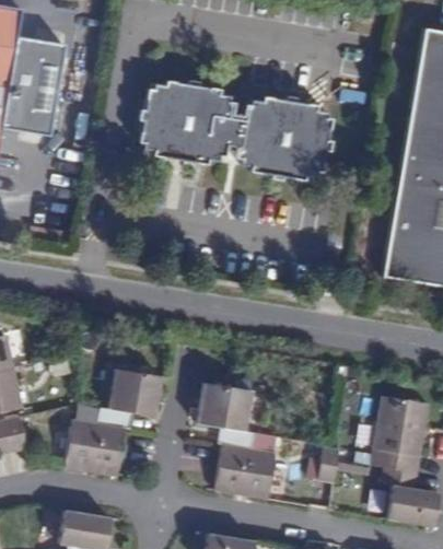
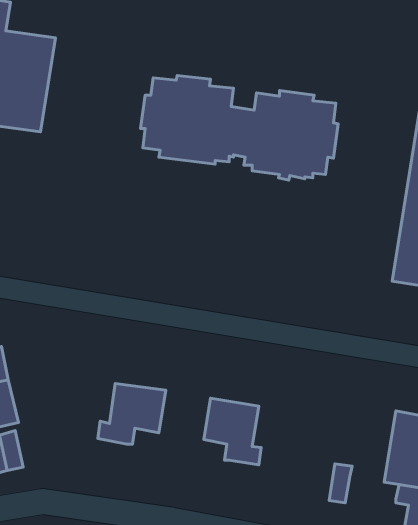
building: [67,420,126,475] -> none
building: [215,444,277,500] -> none

